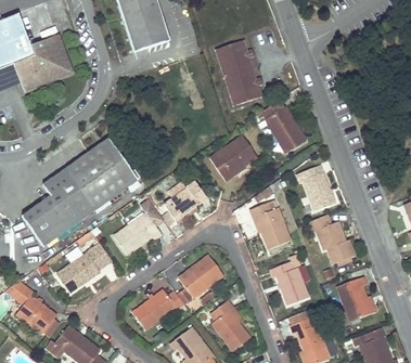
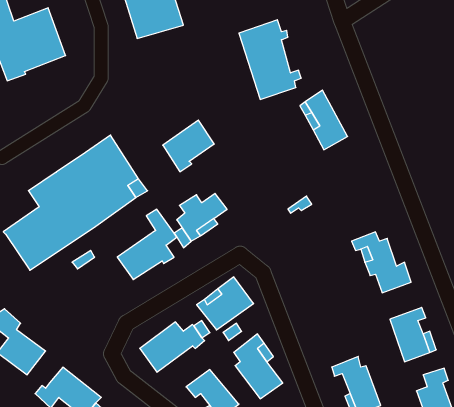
building: [213,138,255,180] -> [163,120,214,172]
building: [303,167,333,211] -> none
building: [249,202,292,248] -> none
building: [57,244,111,293] -> none
building: [272,261,311,303] -> none

